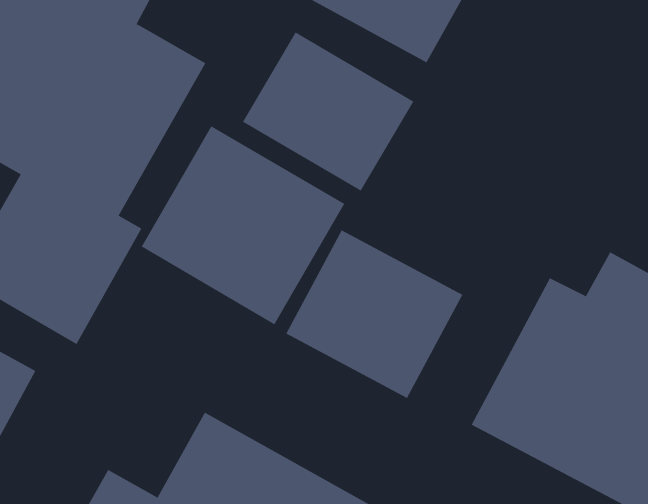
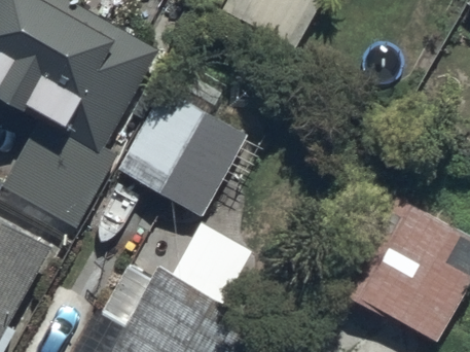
building: [242,32,414,192] -> none
building: [285,230,463,399] -> none

